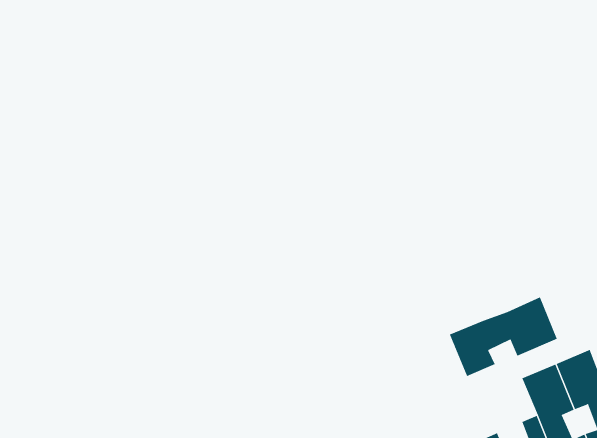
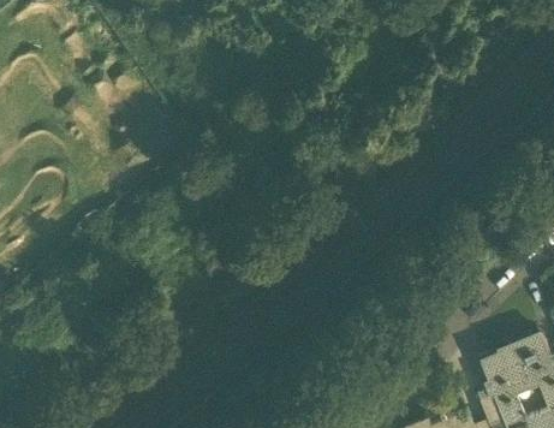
building: [449,296,557,377] -> none

